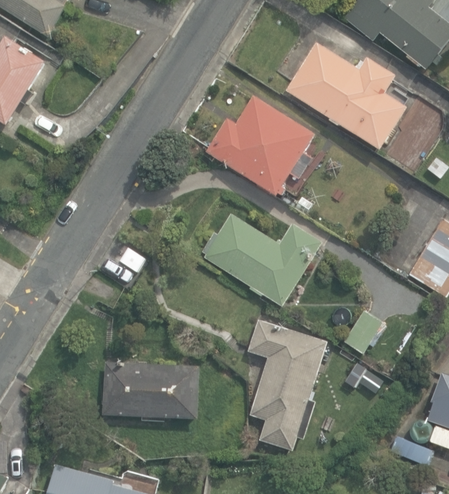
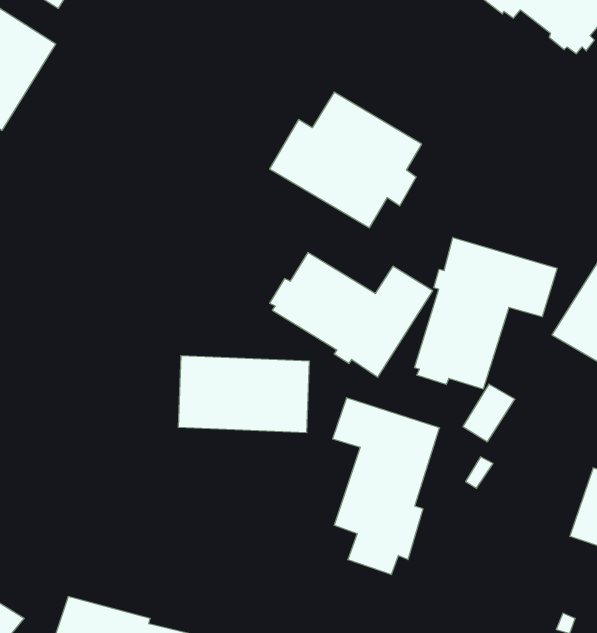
building: [287,43,405,148] -> none
building: none -> [414,237,557,389]
building: [102,362,198,418] -> [178,356,310,433]

